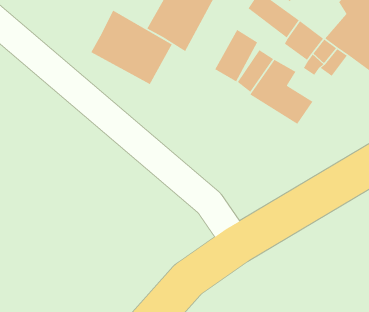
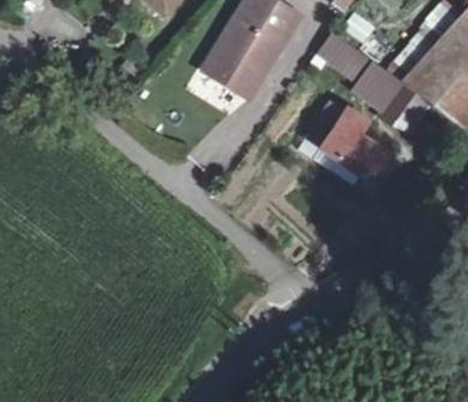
building: [90,9,173,85] -> none
building: [214,29,258,83] -> none

